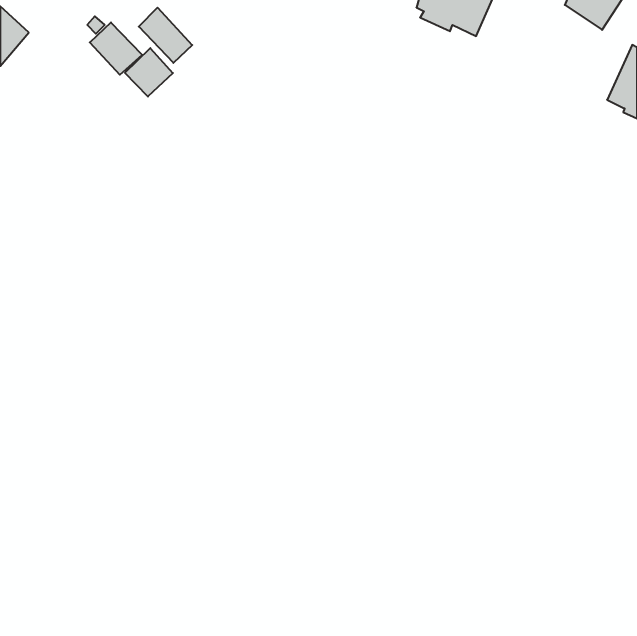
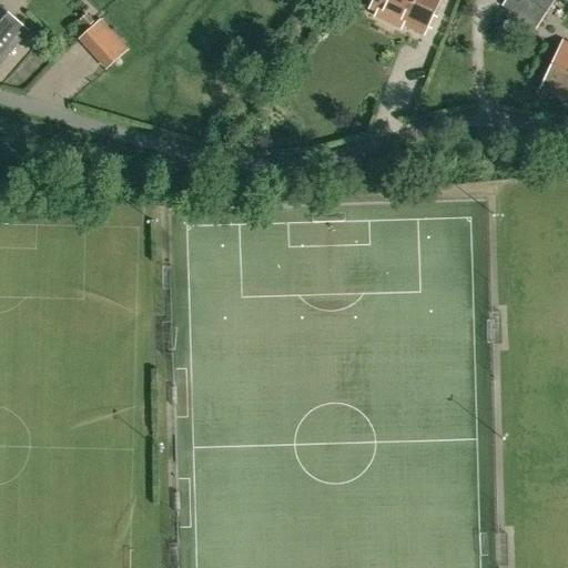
building: [139,8,192,63] -> none
building: [125,48,173,97] -> none

